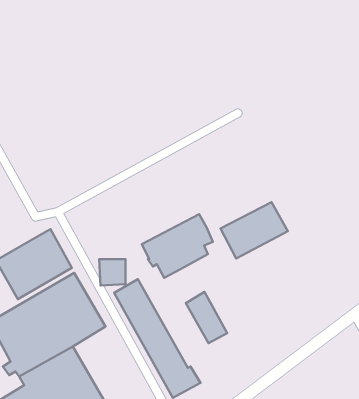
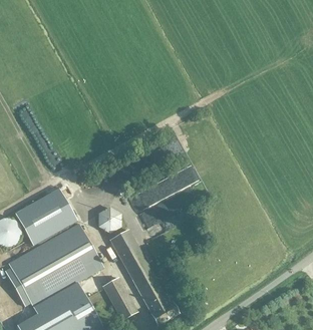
building: [220,202,288,259] -> none
building: [186,292,227,343] -> [102,277,135,318]

